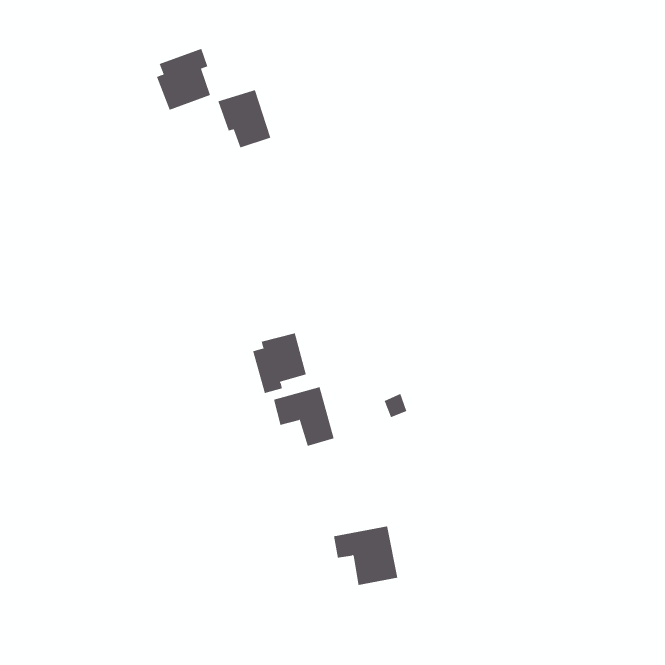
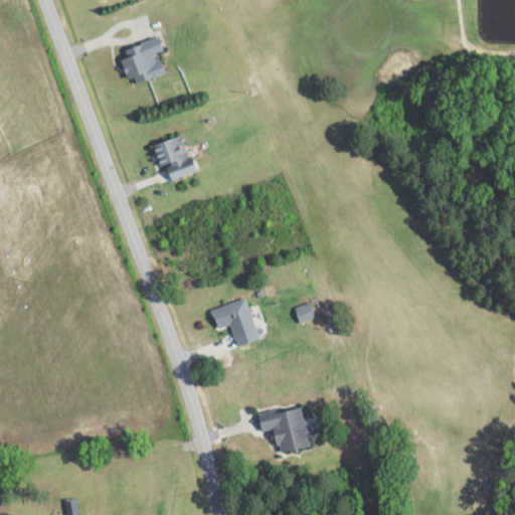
building: [218,90,271,148] -> [155,136,196,181]
building: [253,333,306,394] -> none

